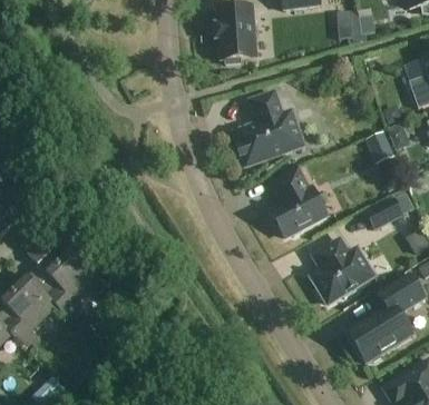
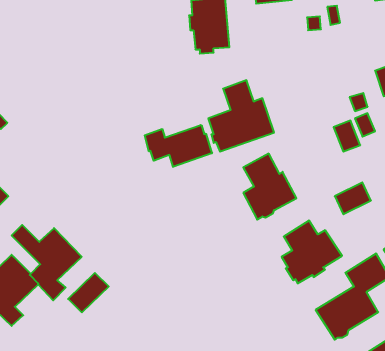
building: none -> [145,125,212,167]
building: none -> [68,273,109,312]

